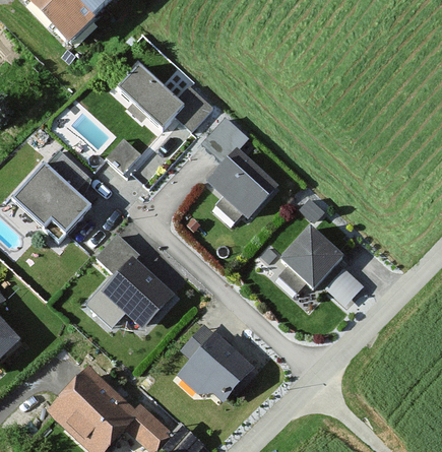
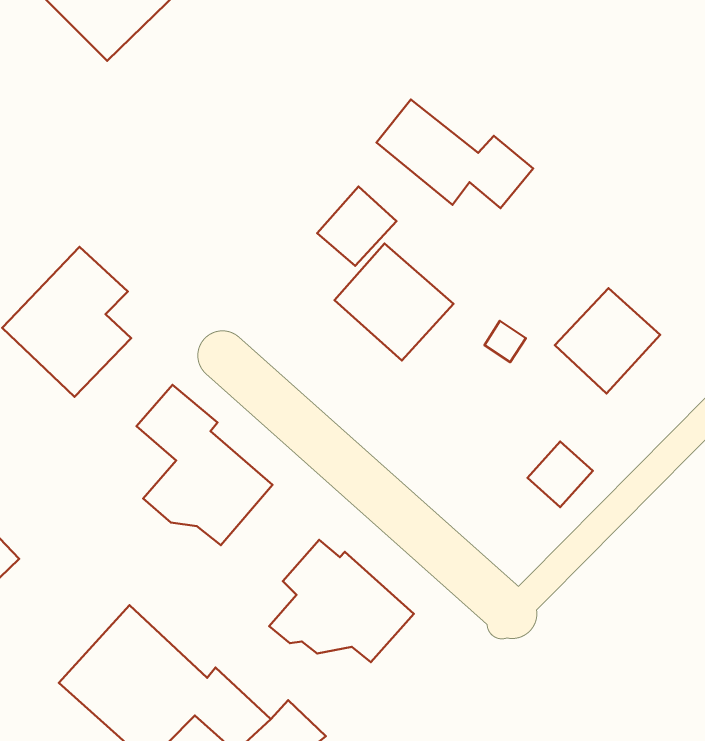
building: [117,66,209,130] -> [377,100,533,208]
building: [279,225,341,287] -> [555,288,660,393]

